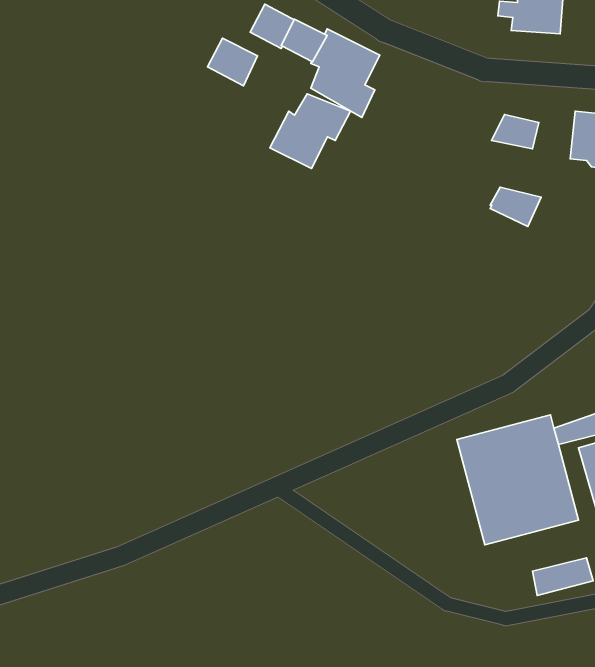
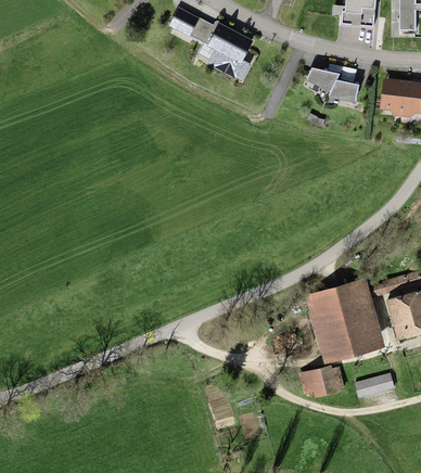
building: [207,38,258,86] -> none
building: [270,94,351,169] -> none
building: [490,187,541,227] -> [306,66,340,92]
building: none -> [299,365,346,397]

